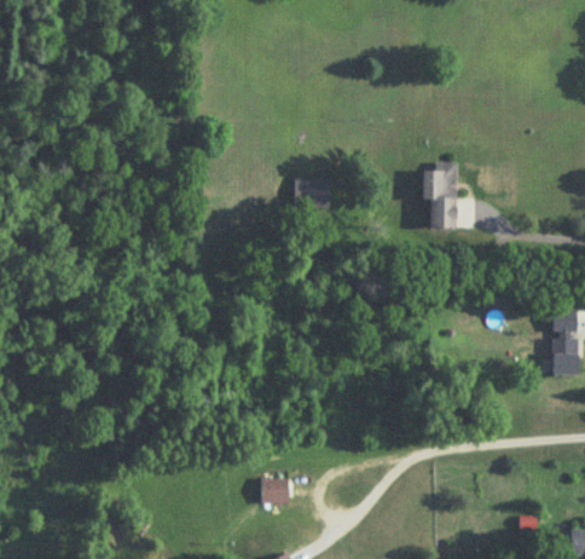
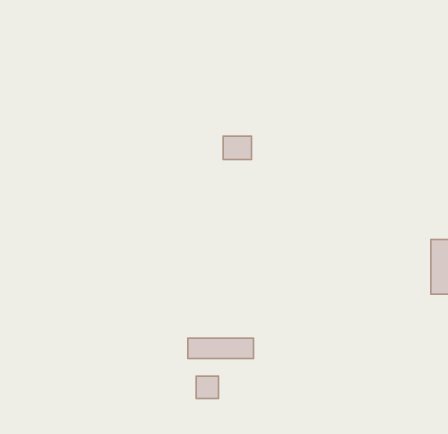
building: [422,163,457,230] -> none
building: none -> [188,338,254,358]

